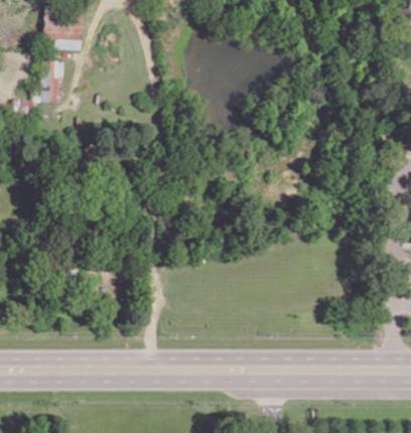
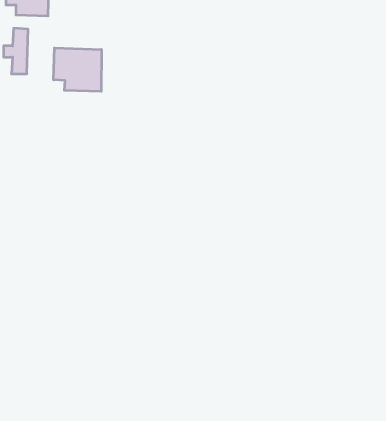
building: none -> [54,48,101,91]

